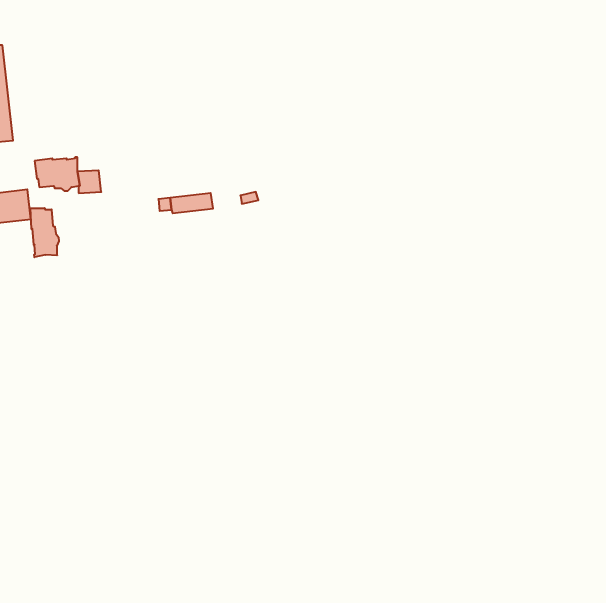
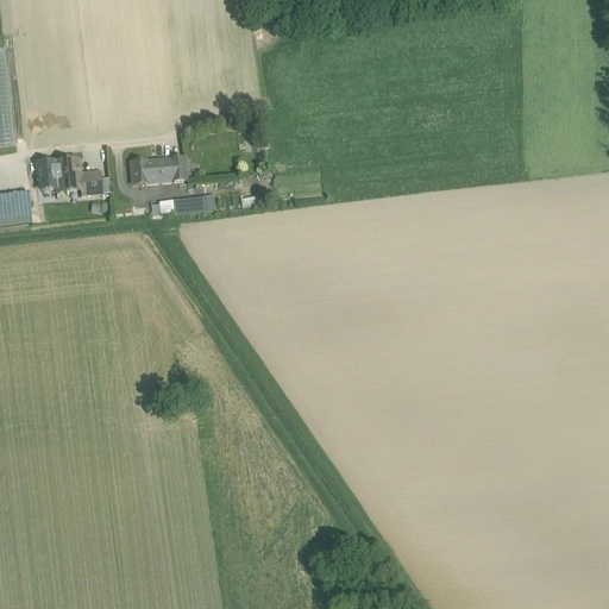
building: none -> [128,155,186,182]
building: [30,208,59,257] -> none

